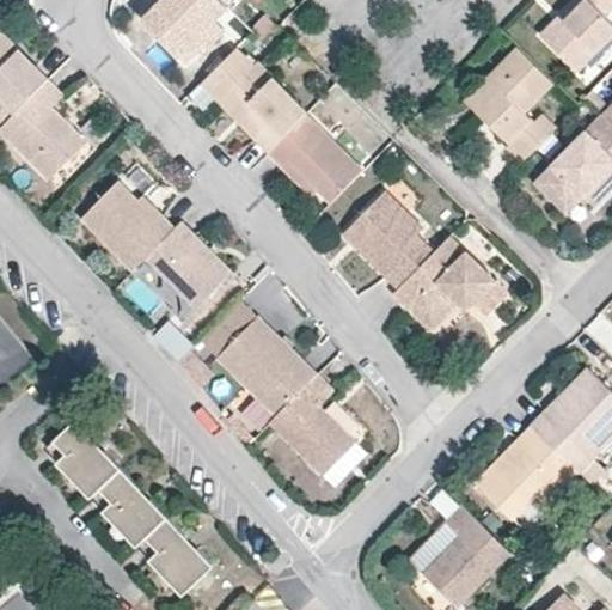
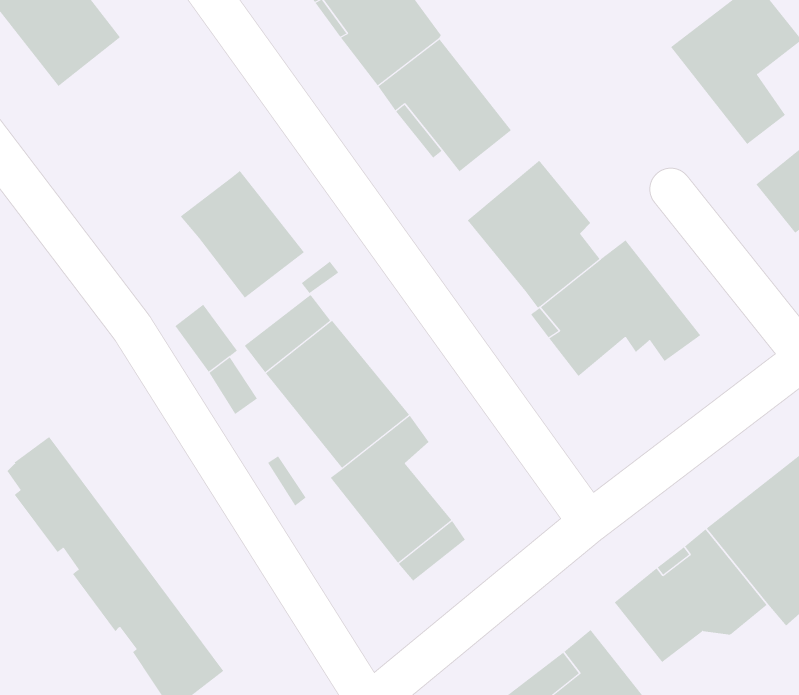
building: [80,179,175,272] -> none

